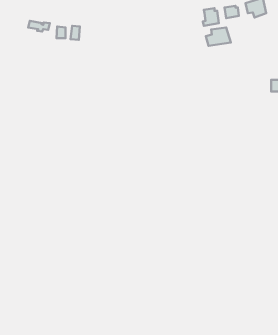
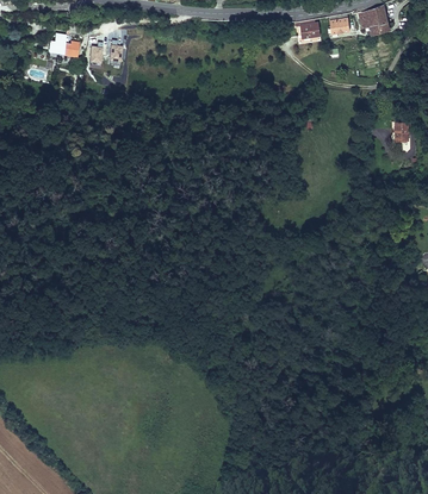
building: [206,27,231,46] -> none

